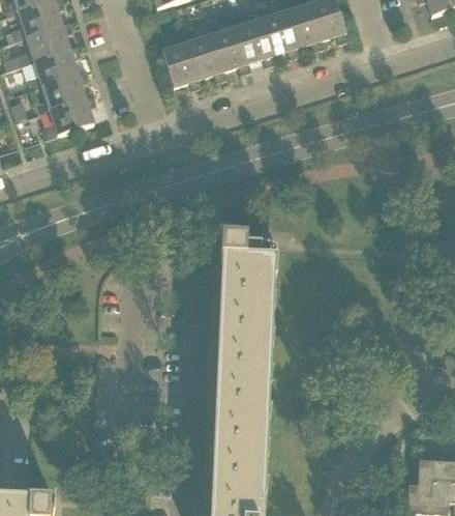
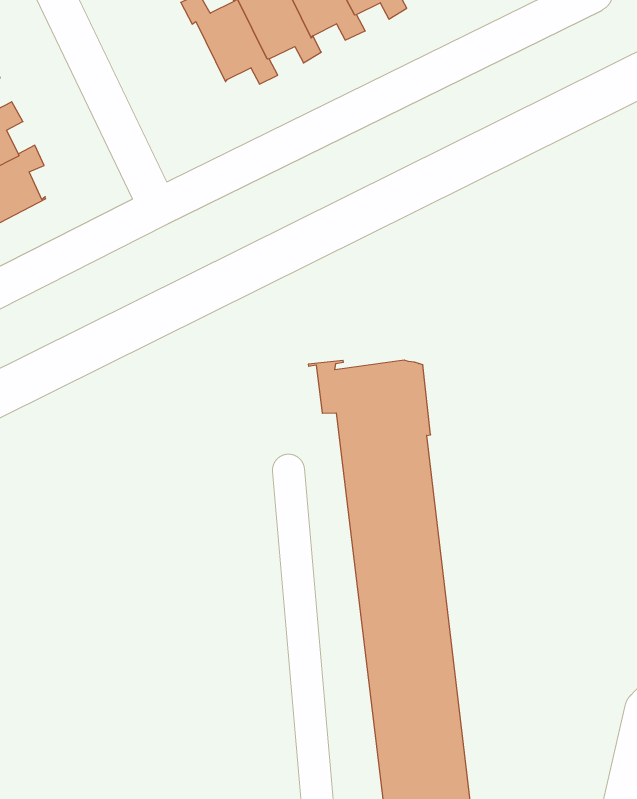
building: [156,34,201,88] -> none

